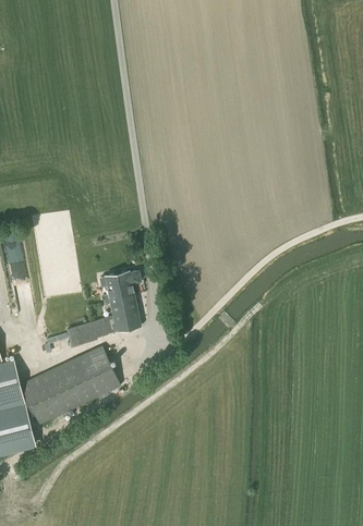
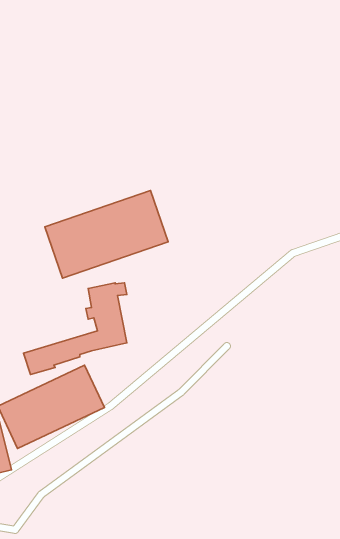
building: none -> [45,191,168,278]

